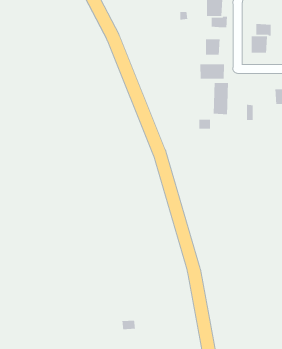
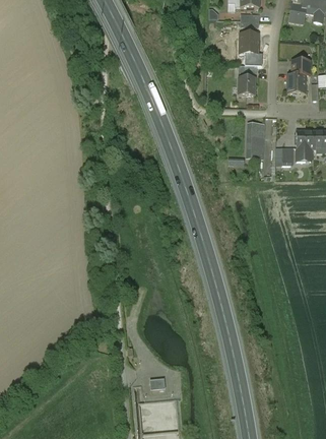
building: [199,64,225,80] -> none
building: none -> [298,130,315,160]

